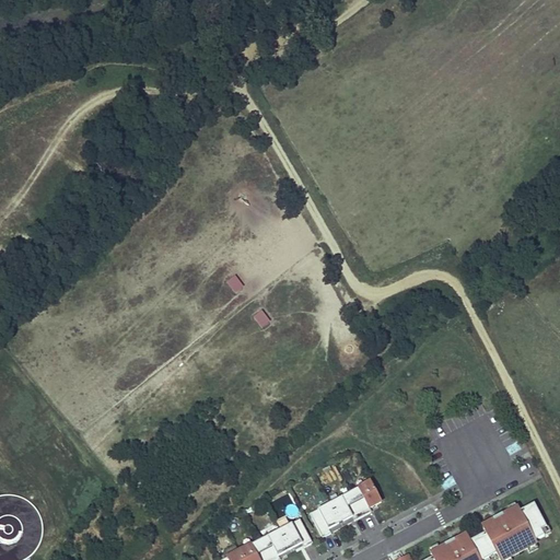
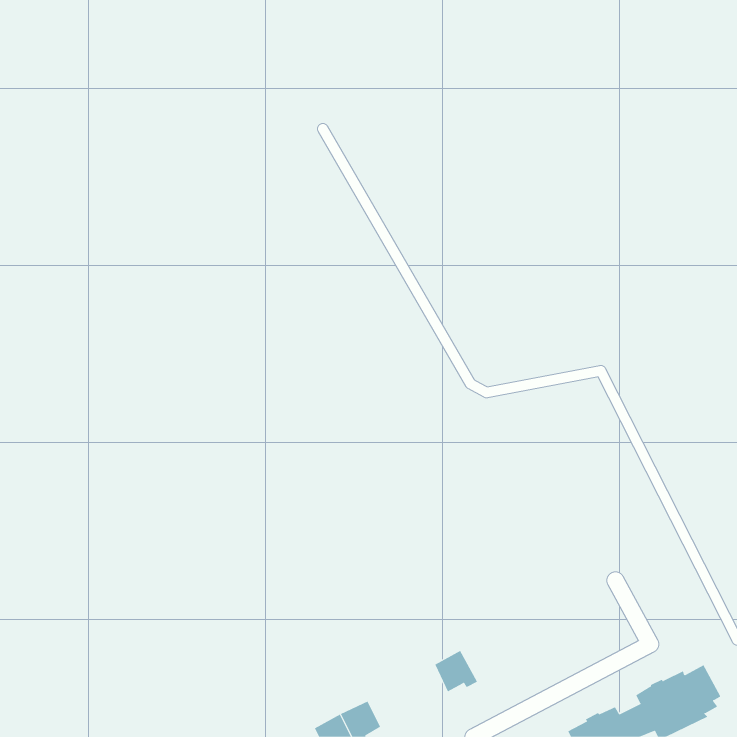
building: [348,481,380,515] -> none
building: [307,502,338,537] -> none
building: [278,518,311,549] -> none

